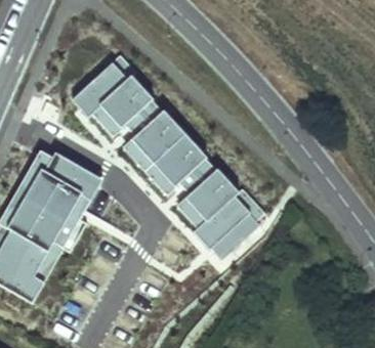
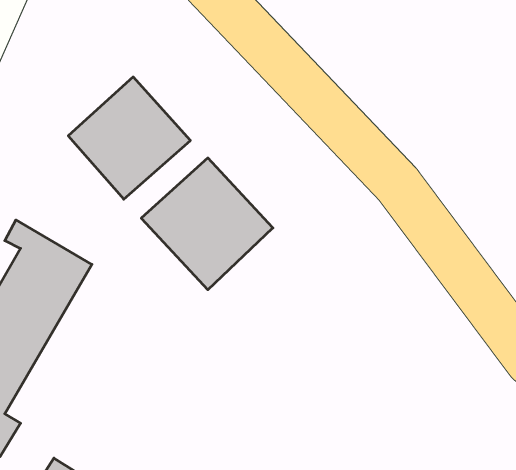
building: [172,172,260,262] -> none

